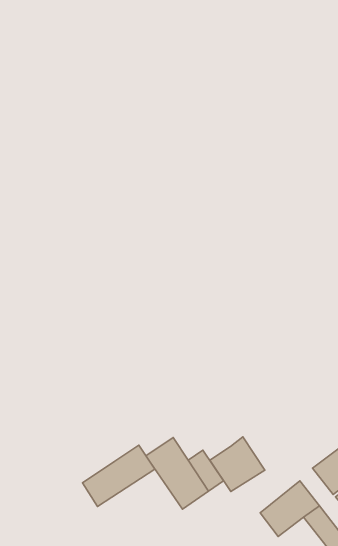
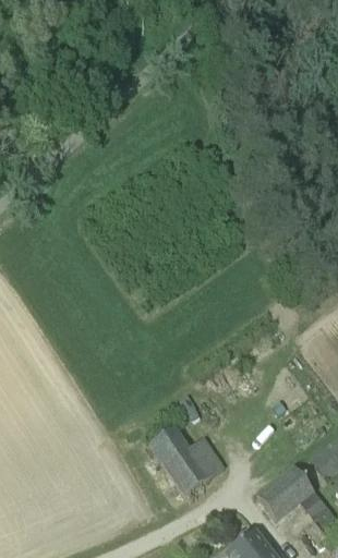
building: [210,437,265,491] -> none
building: [82,445,155,507] -> none

